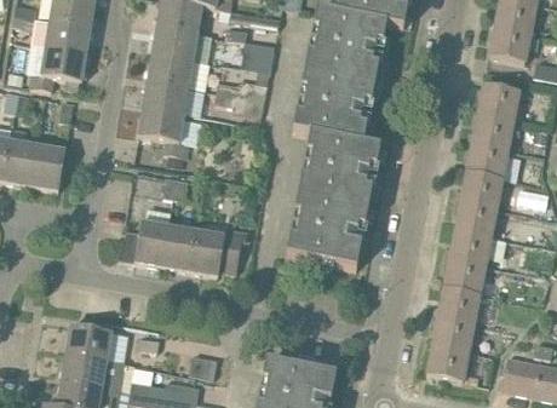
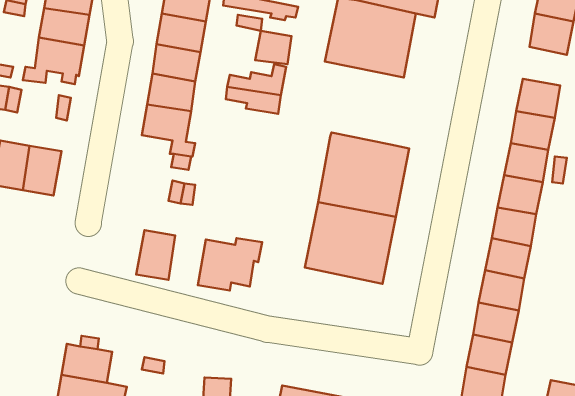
building: [292,69,375,144] -> none
building: [162,226,196,271] -> none

